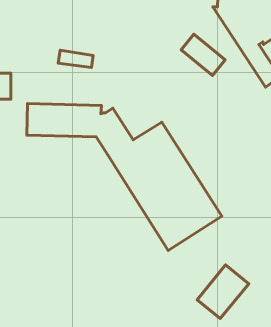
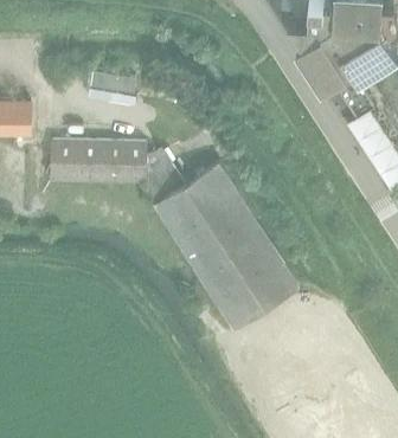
building: [181,34,225,75] -> none
building: [197,265,249,319] -> none

